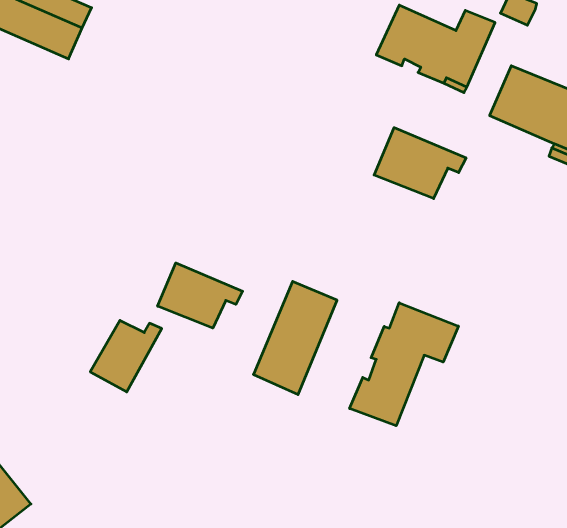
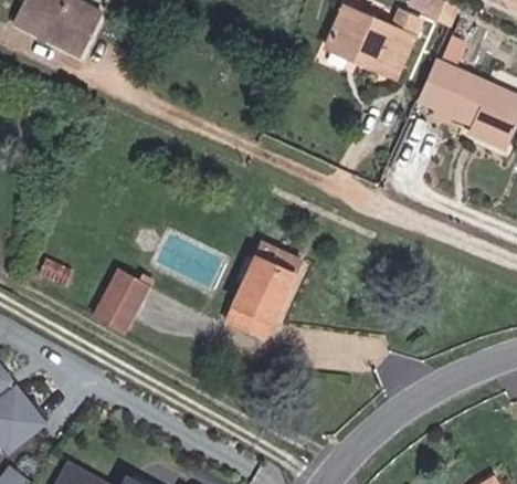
building: [374,128,466,199] -> none
building: [158,263,243,328] -> none
building: [350,303,458,426] -> none

